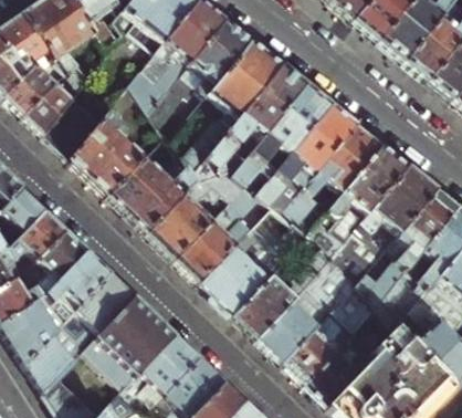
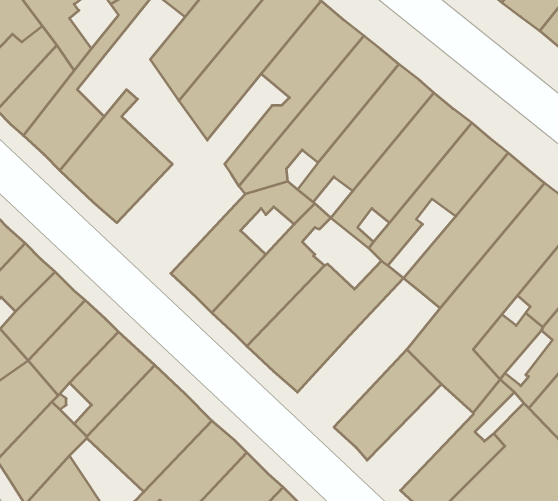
building: [109,154,199,230] -> none
building: [235,243,335,337] -> none
building: [284,307,358,382] -> none

